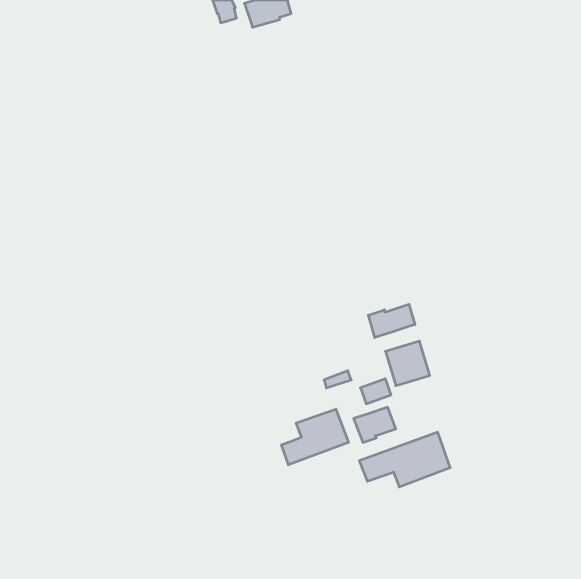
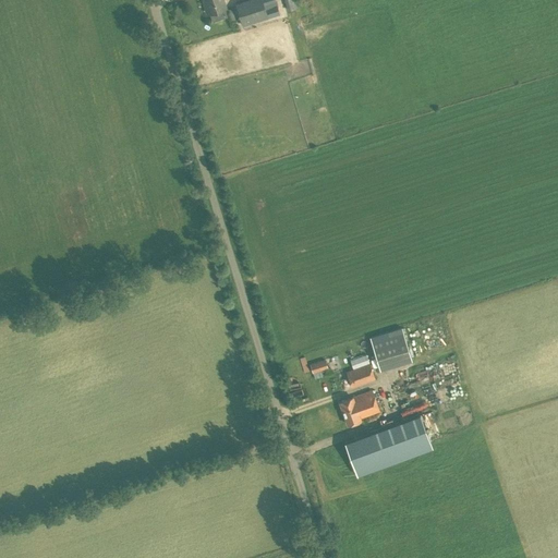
building: [368,304,415,338] -> none
building: [282,409,348,465] -> none

